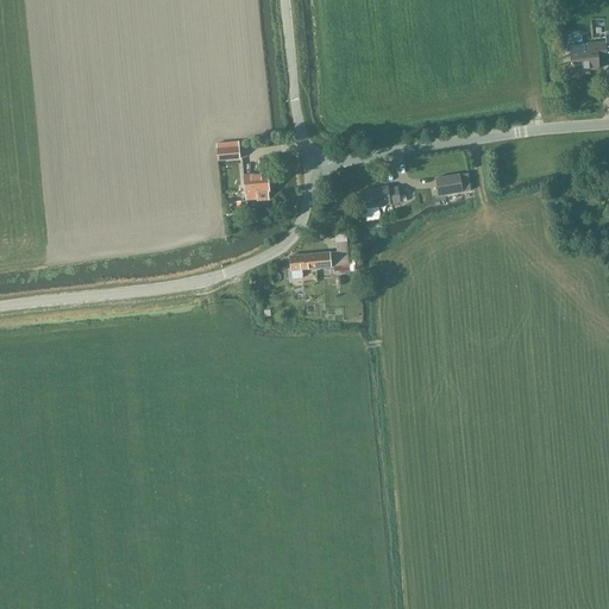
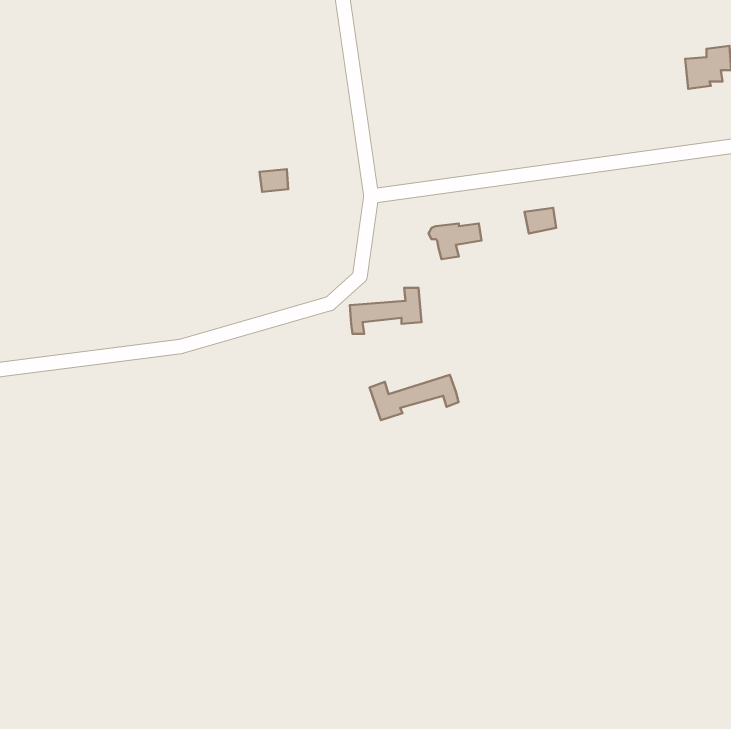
building: [243,171,270,199] -> none
building: none -> [370,375,459,420]

